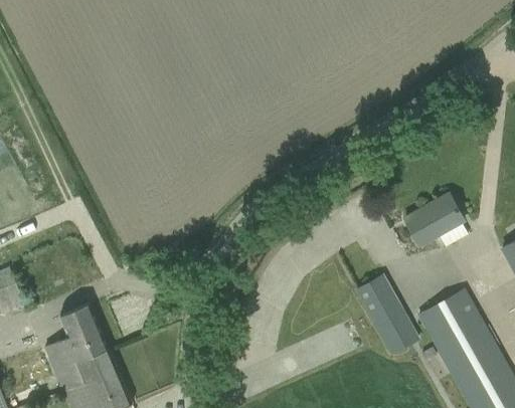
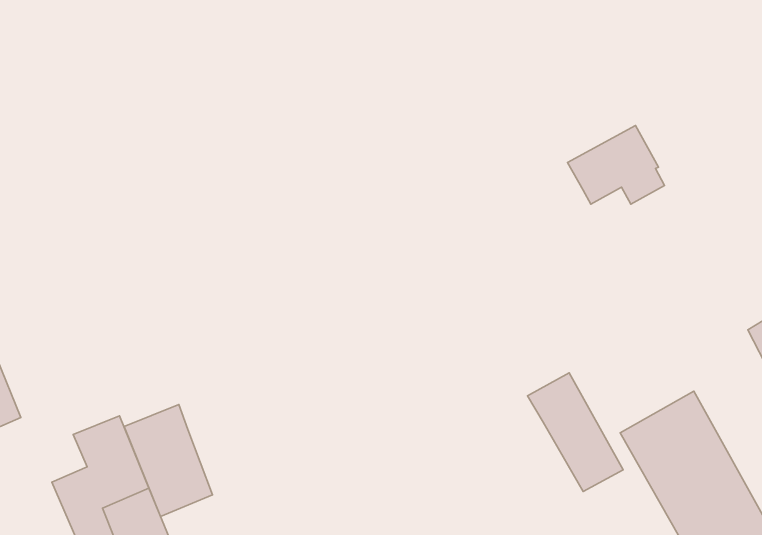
building: [404,194,468,245] -> [568,126,665,204]
building: none -> [124,404,213,516]

